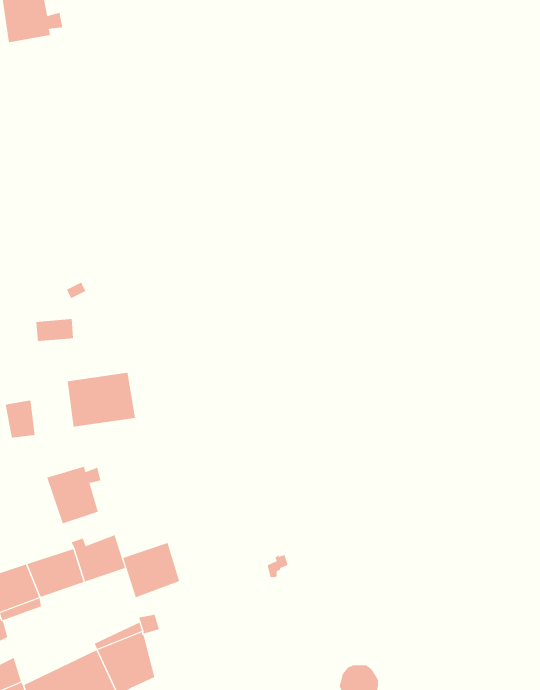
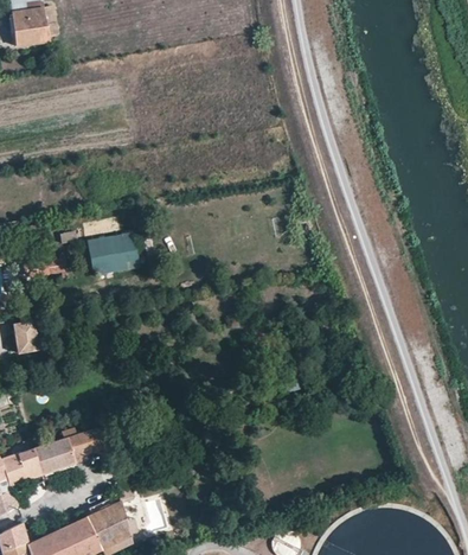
building: [67,372,136,427] -> [88,234,141,276]
building: [47,466,101,524] -> none
building: [123,542,180,598] -> none

